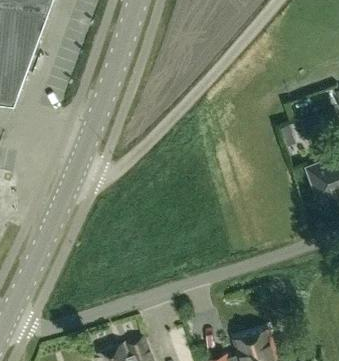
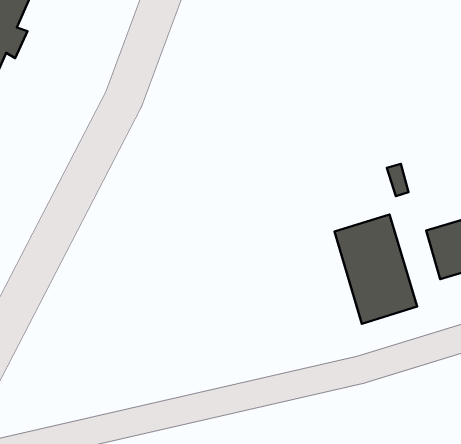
building: none -> [334,215,417,324]

